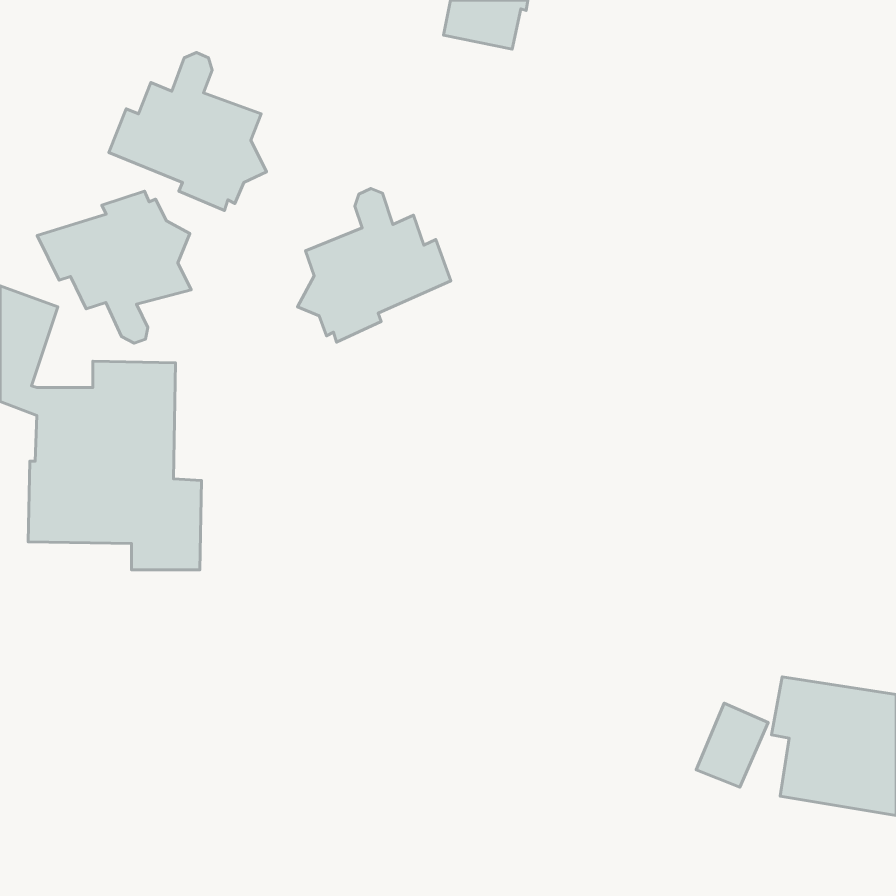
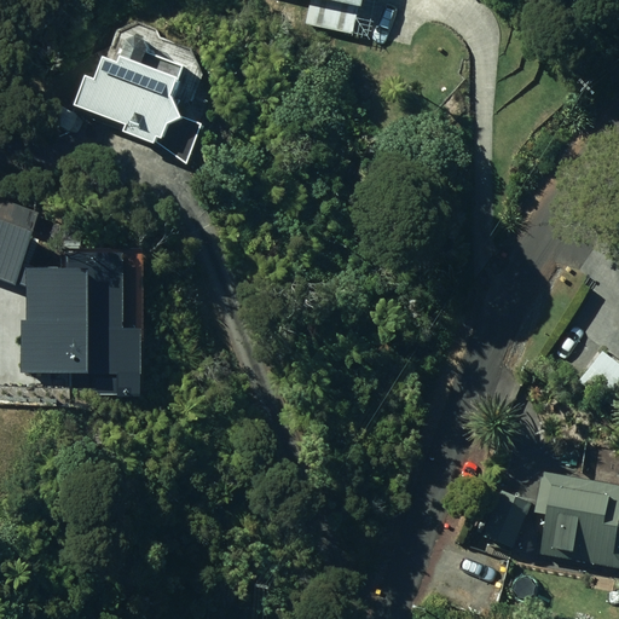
building: [298,189,451,342] -> none
building: [37,191,191,343] -> none

